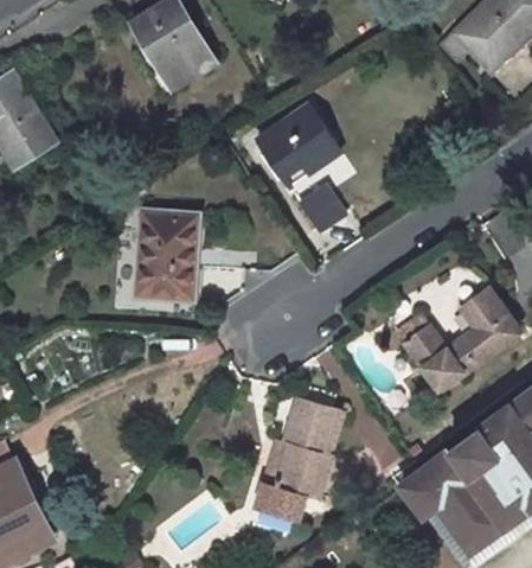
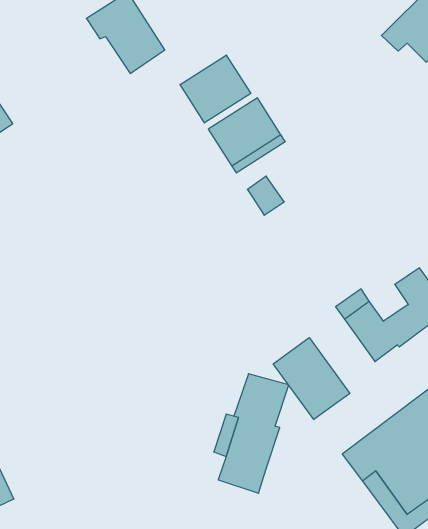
building: none -> [180,55,251,123]
building: [140,209,199,296] -> none
building: none -> [273,338,350,420]

